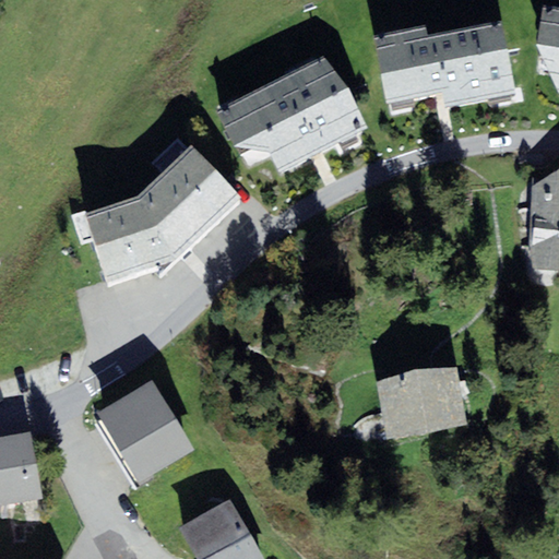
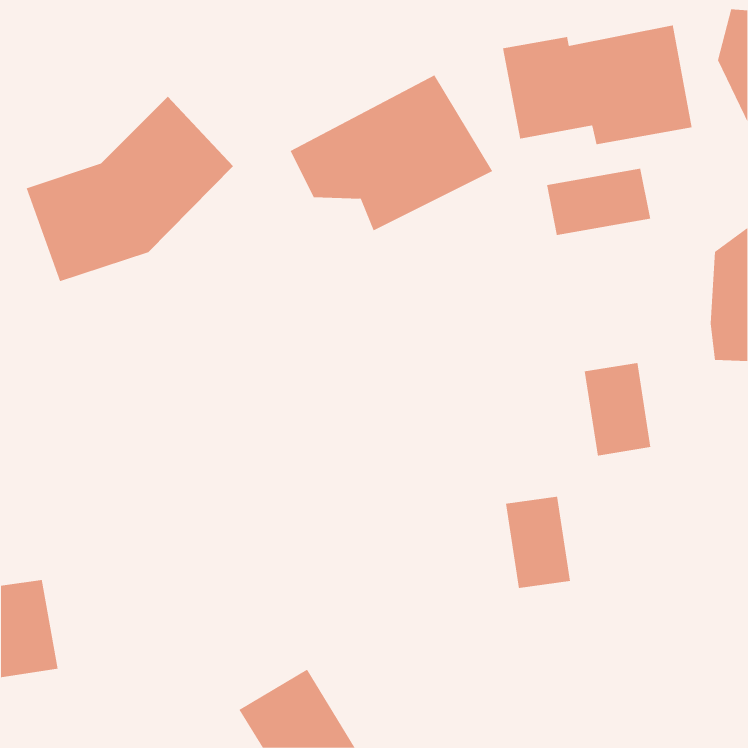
building: none -> [546,168,651,236]
building: [85,144,240,283] -> [26,96,234,282]
building: [416,364,466,433] -> [584,362,651,456]
building: [96,379,194,483] -> none

